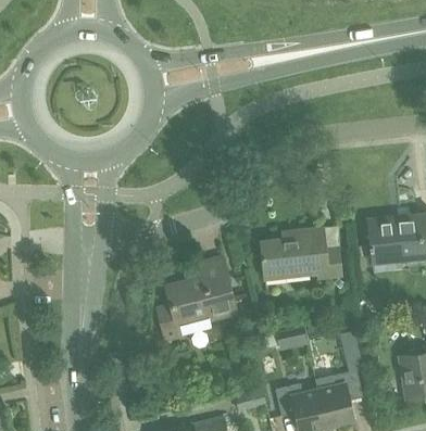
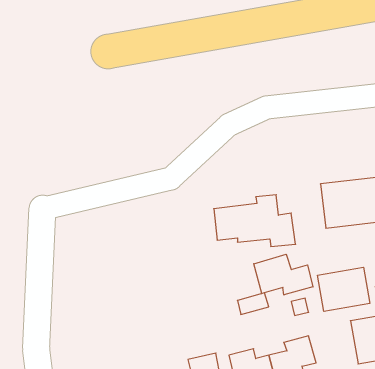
building: [154,257,235,343] -> none
building: none -> [254,254,313,295]
building: none -> [318,267,370,311]

